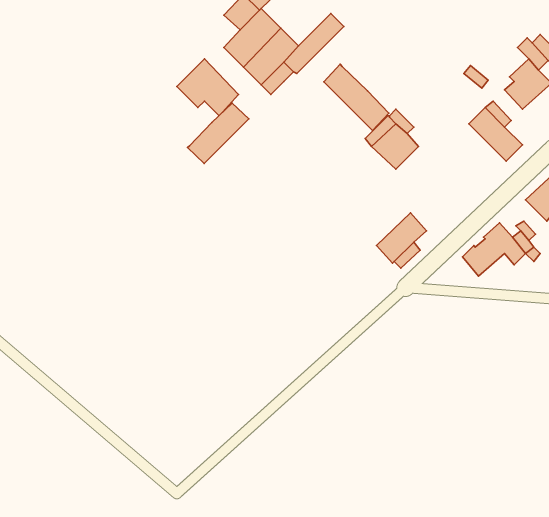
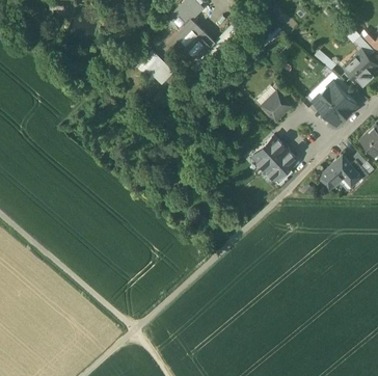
building: [324,64,389,131] -> none
building: [188,103,249,163] -> none
building: none -> [313,91,347,126]
building: none -> [251,136,286,169]

